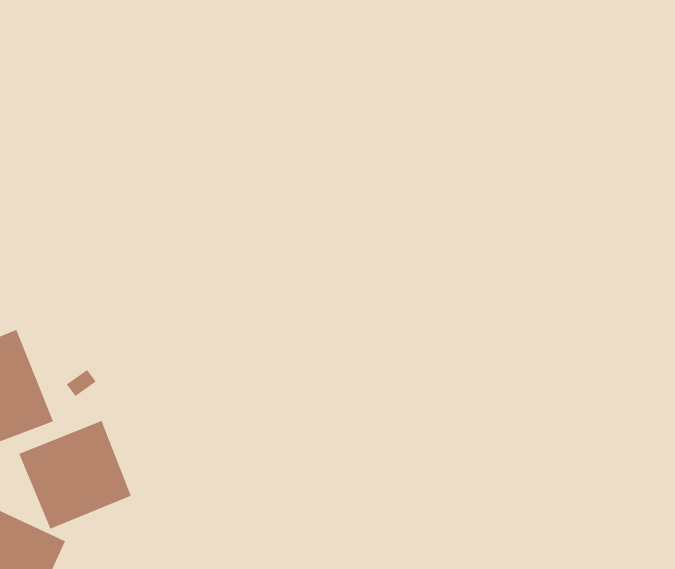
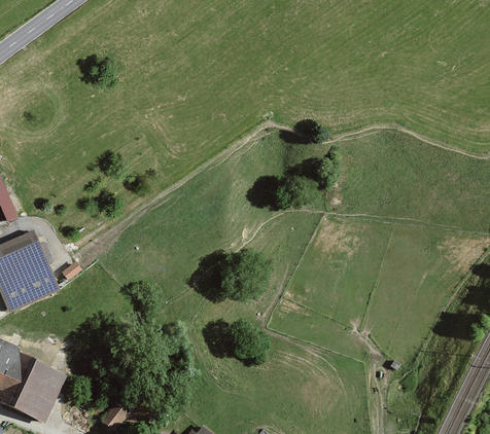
building: [18,420,132,530] -> none

